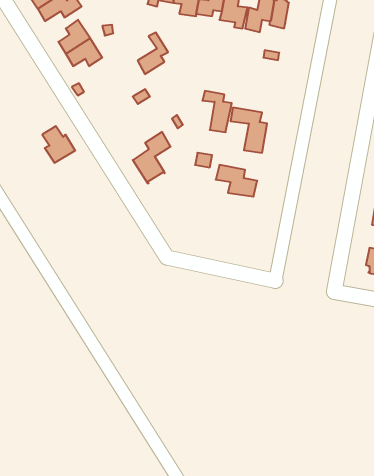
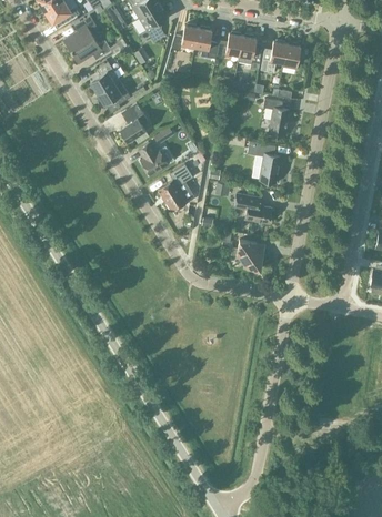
building: [138,33,168,74] -> [121,102,149,140]
building: [202,91,232,132] -> [263,98,290,135]
building: [42,126,75,163] -> [139,141,169,174]
building: none -> [237,239,263,268]

